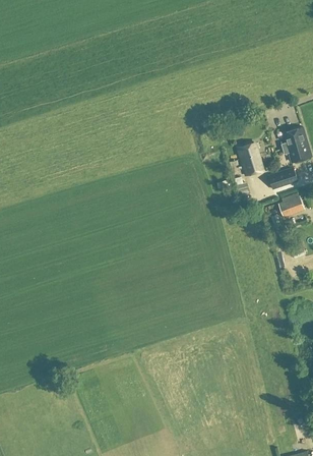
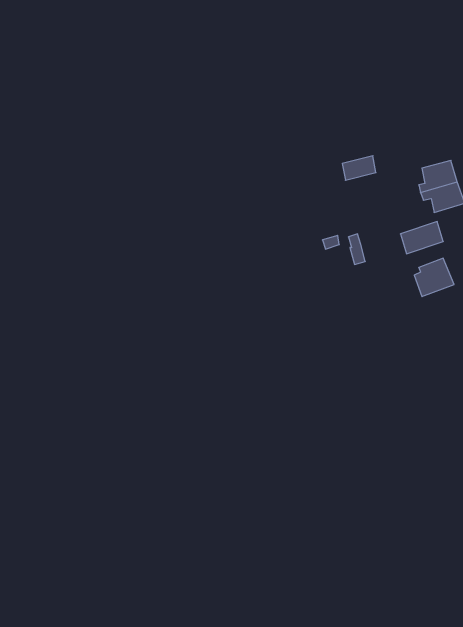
building: [238,144,261,176] -> none

